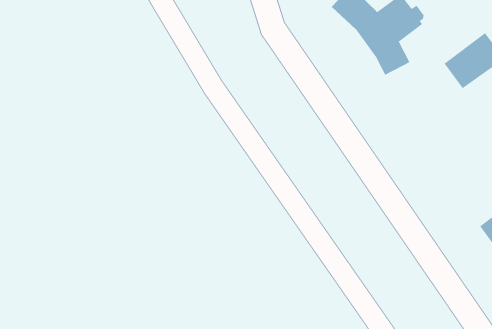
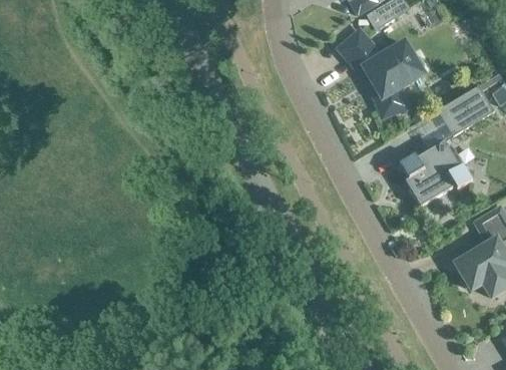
building: none -> [399,140,471,205]

